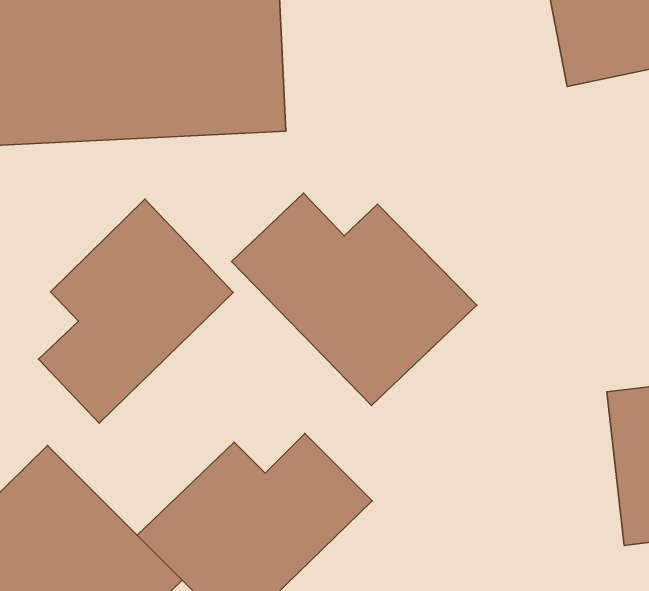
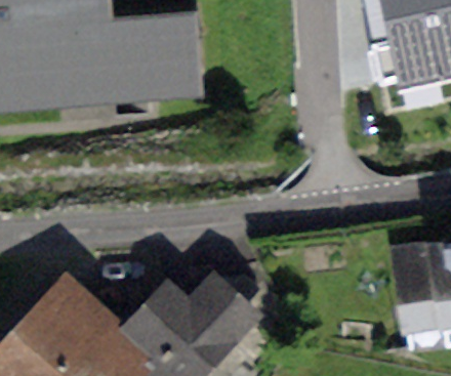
building: [231,193,477,405] -> none
building: [38,199,233,423] -> none

